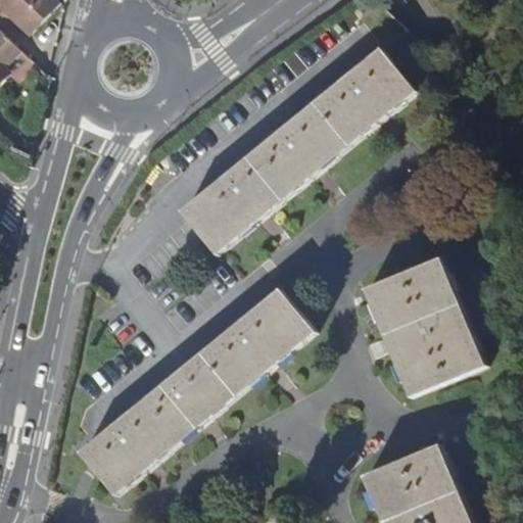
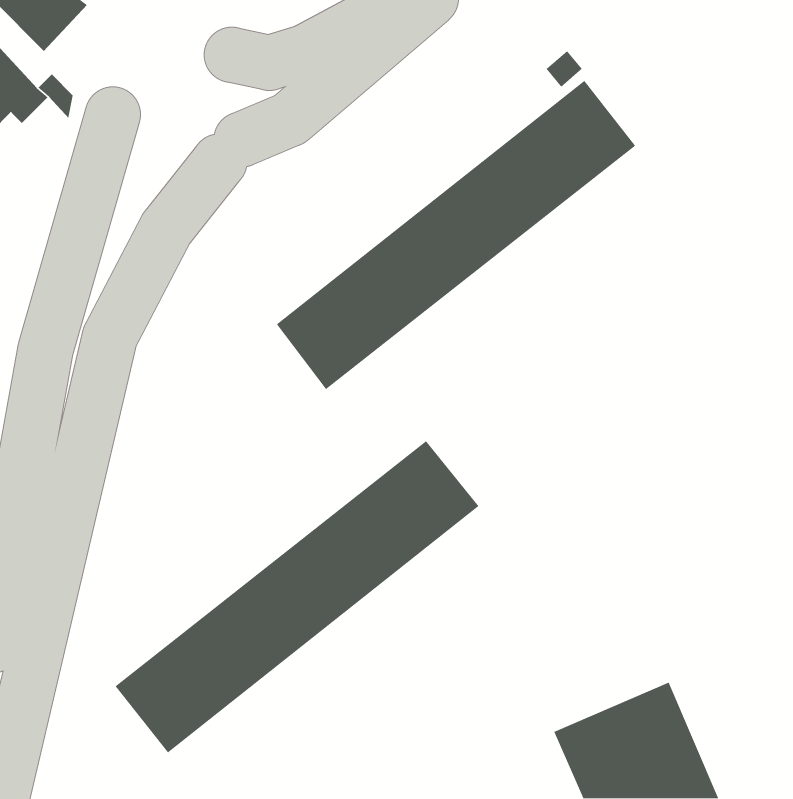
building: [364,259,484,398] -> none

